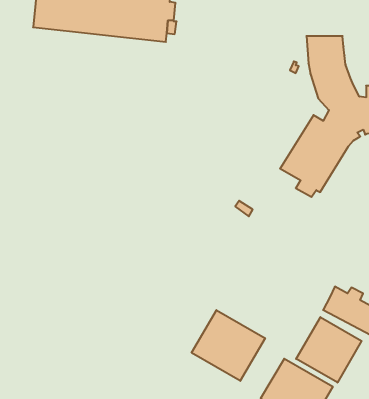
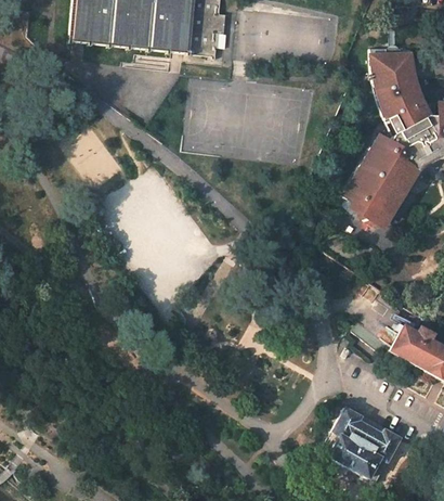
building: [192,310,265,381] -> none
building: [296,317,362,383] -> none

